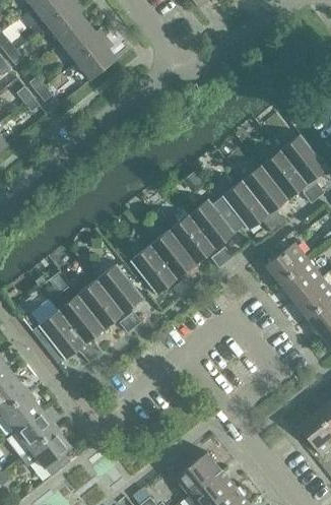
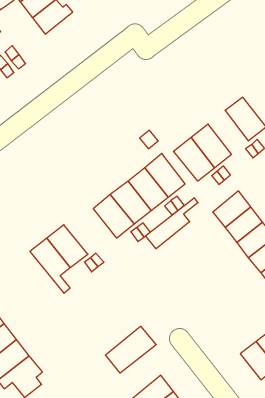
building: [74,37,116,80] -> none
building: [260,149,306,199] -> none
building: none -> [146,198,198,249]
building: [95,263,142,313] -> none
building: [38,310,95,363] -> none
building: none -> [105,326,156,373]

